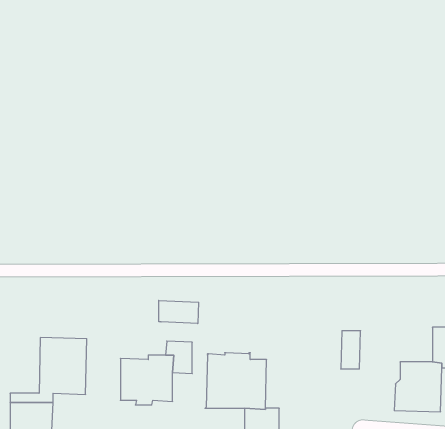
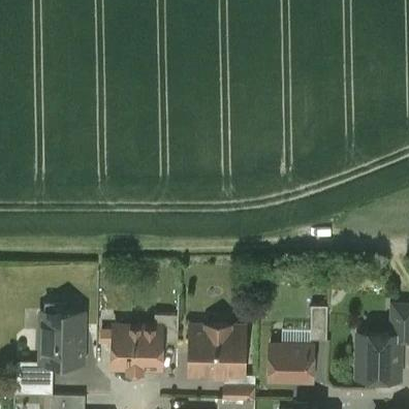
building: [159,300,199,324] -> none
building: none -> [270,345,312,381]

